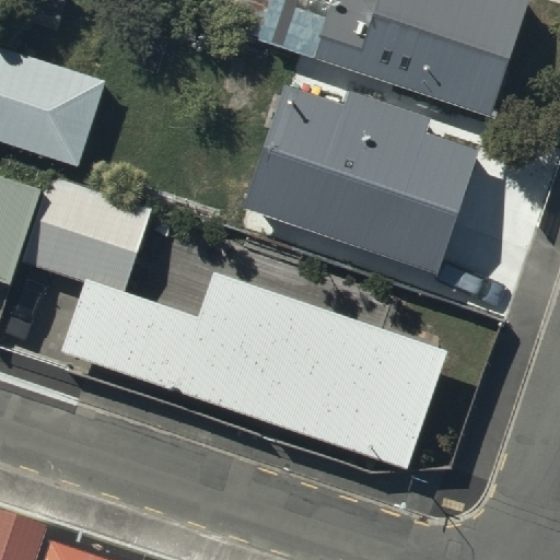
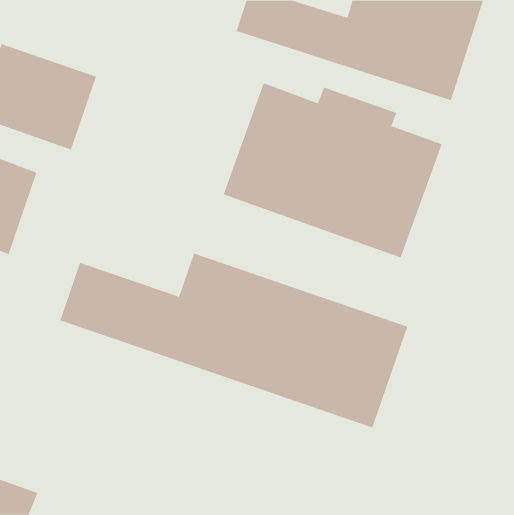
building: [27,174,153,288] -> none

